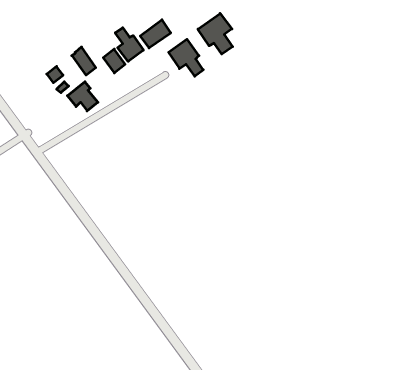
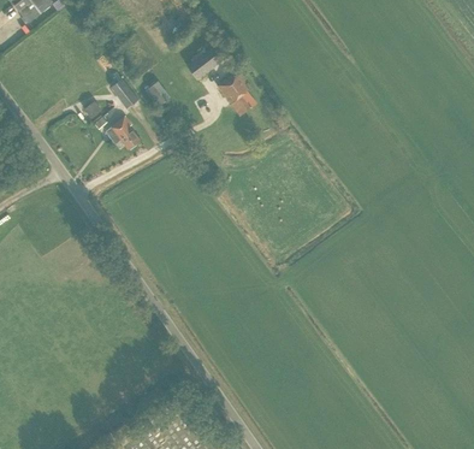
building: [198,13,233,54] -> none
building: [115,28,143,61] -> none

